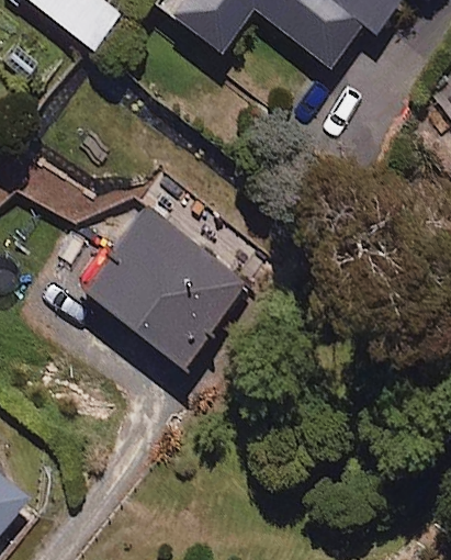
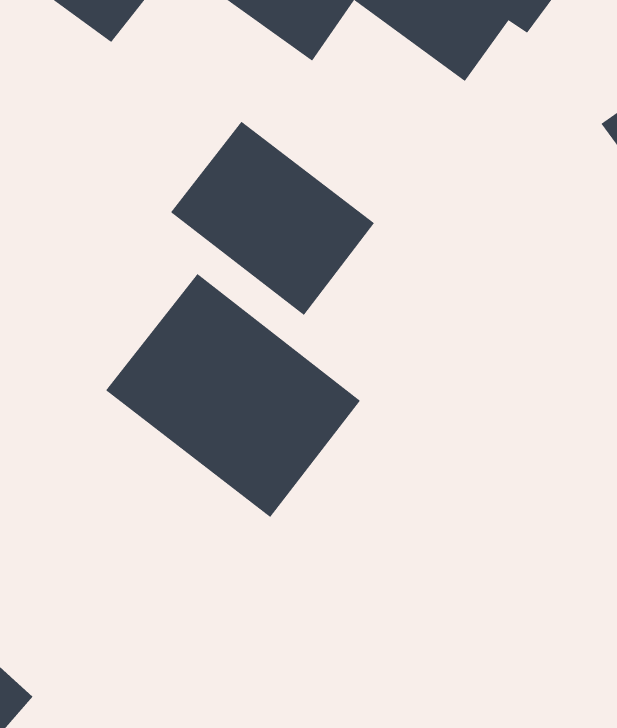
building: none -> [170,121,375,316]

